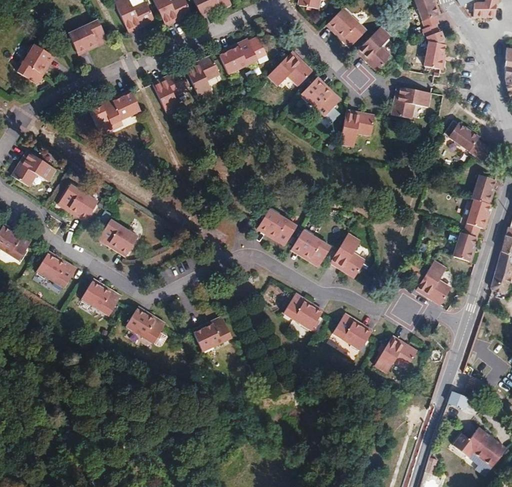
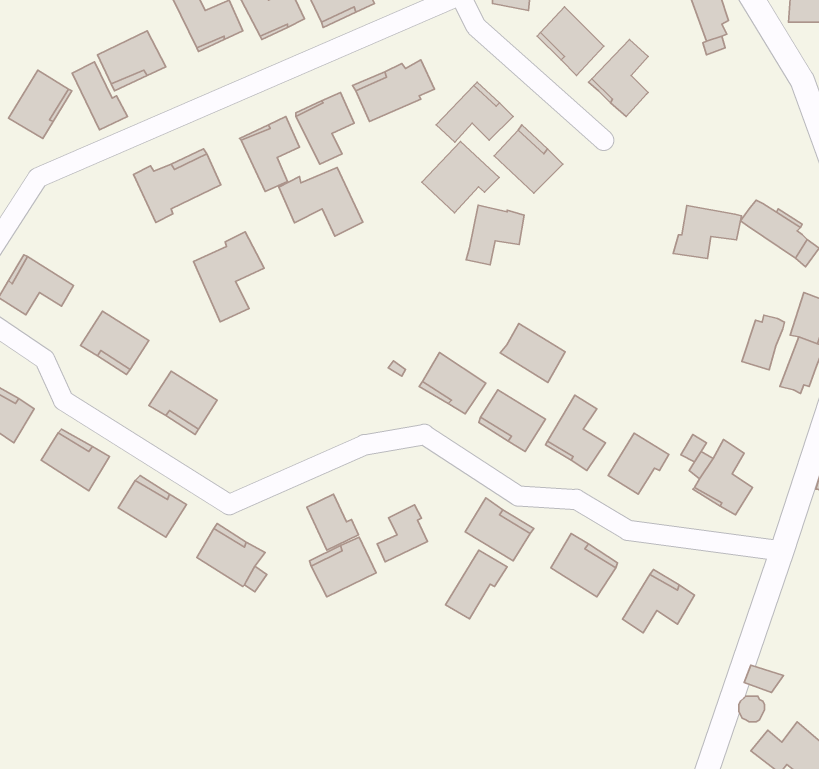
building: none -> [72,62,128,130]
building: [417,39,438,65] -> none
building: none -> [422,142,499,213]
building: [391,85,431,116] -> [673,206,742,259]
building: none -> [279,167,363,236]
building: [339,110,373,145] -> [466,205,524,265]
building: none -> [193,232,264,322]
building: none -> [500,324,565,383]
building: [454,228,479,260] -> [742,315,784,370]
building: none -> [608,433,669,494]
building: none -> [307,494,359,550]
building: none -> [377,505,427,562]
building: none -> [446,550,507,619]

